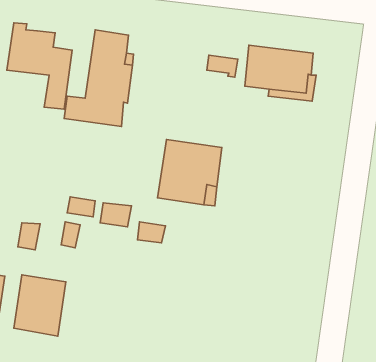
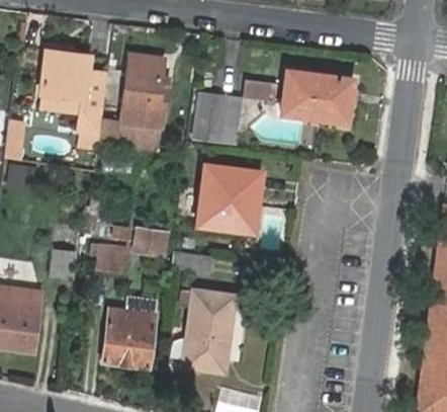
building: none -> [191,91,240,141]
building: none -> [184,287,235,369]
building: [14,275,66,336] -> [103,310,156,372]

